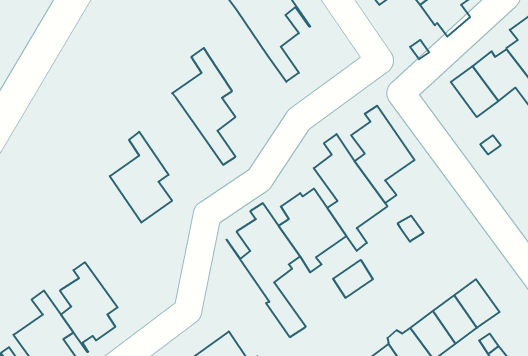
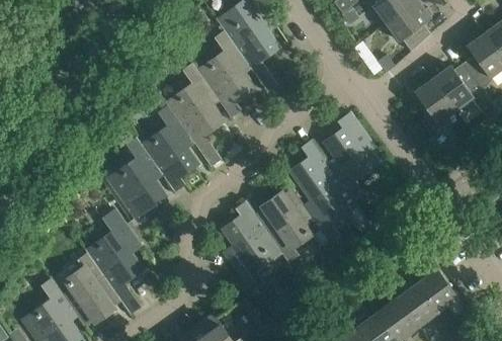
building: none -> [197,29,253,117]
building: none -> [136,105,197,192]
building: none -> [85,209,151,314]
building: [333,260,373,298] -> none

